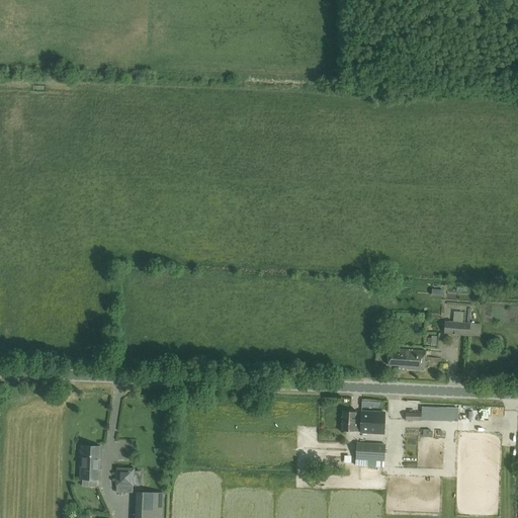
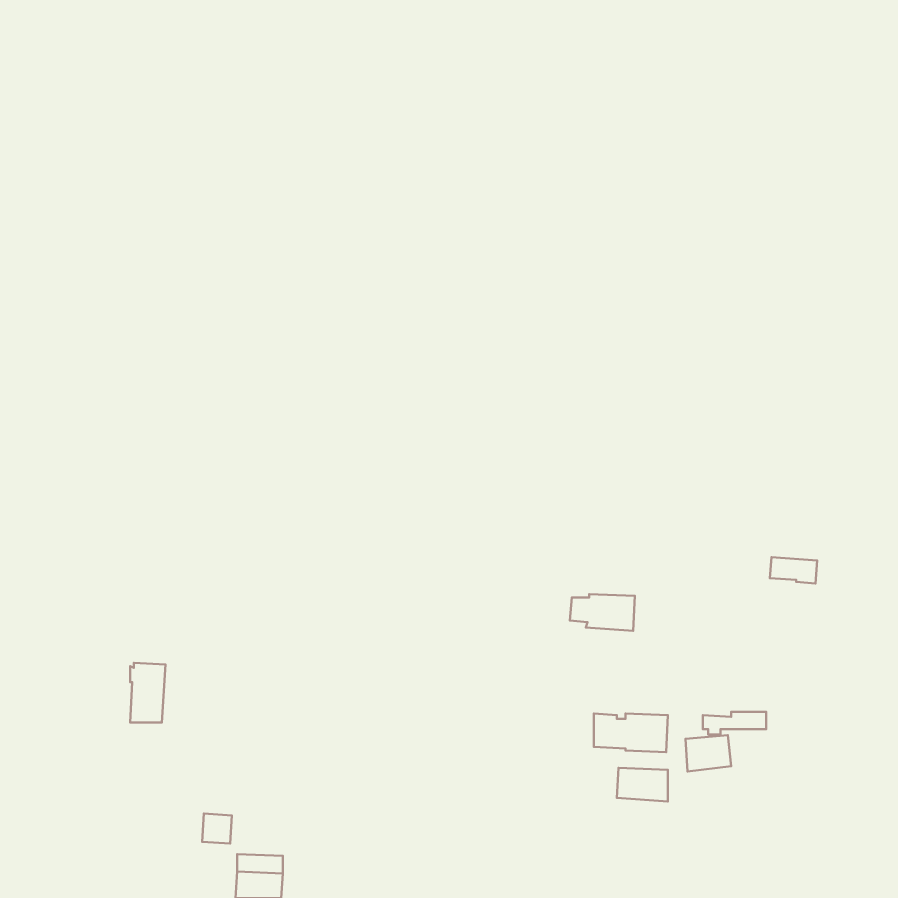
building: [387,349,425,370] -> [570,594,635,631]
building: none -> [685,735,731,772]
building: [80,445,100,480] -> [130,663,165,722]

